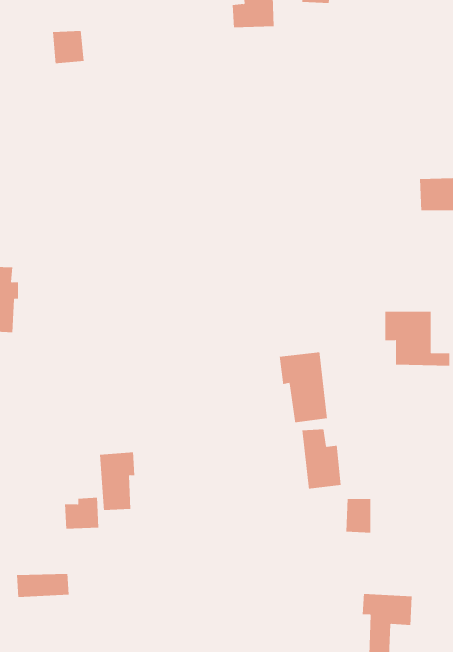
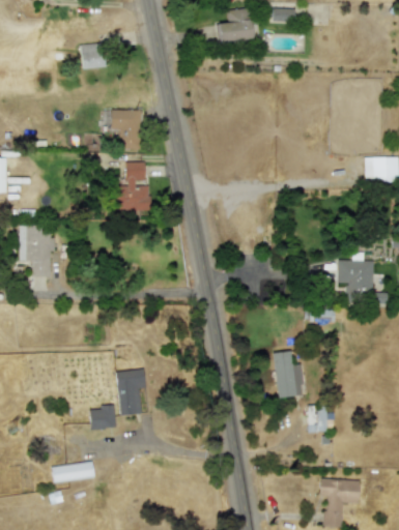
building: none -> [111,109,140,148]
building: none -> [115,161,150,210]
building: [279,352,327,423] -> none

